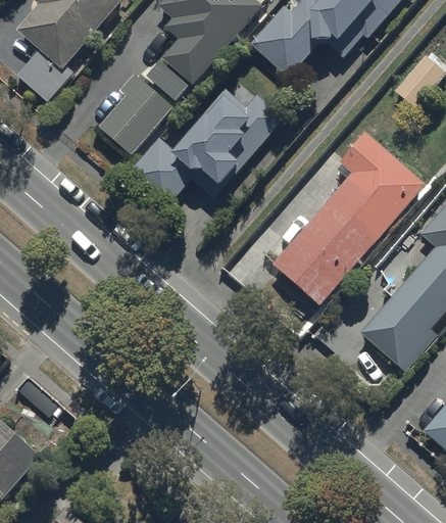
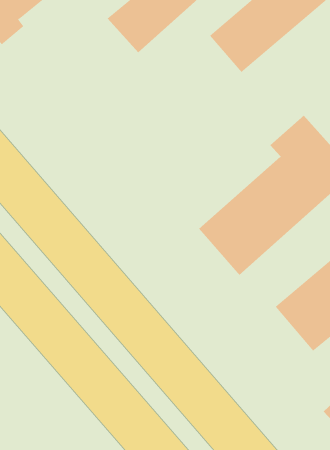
building: [92,83,164,156] -> none
building: [123,90,275,211] -> none

